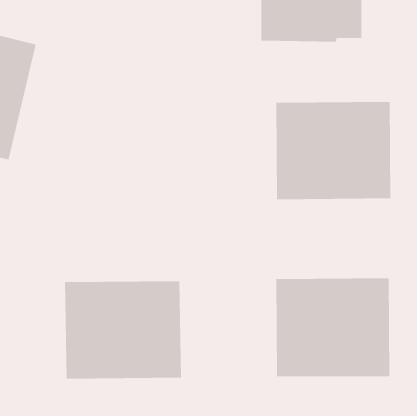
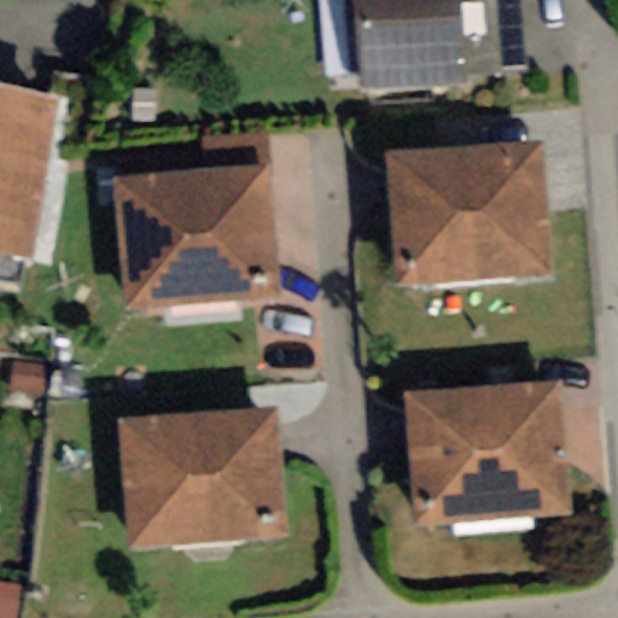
building: none -> [112,163,279,309]

